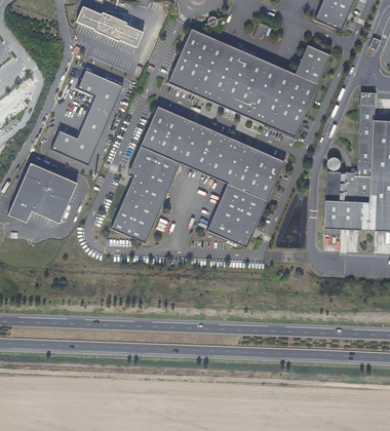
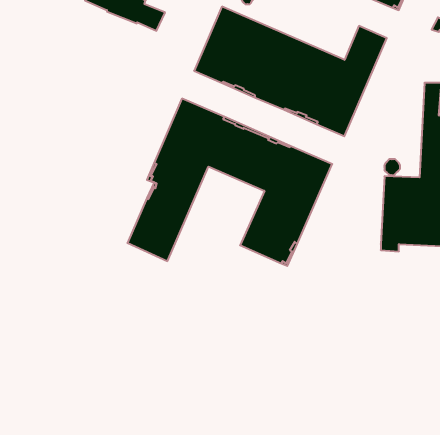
building: [51,68,122,162] -> none
building: [8,163,77,224] -> none

